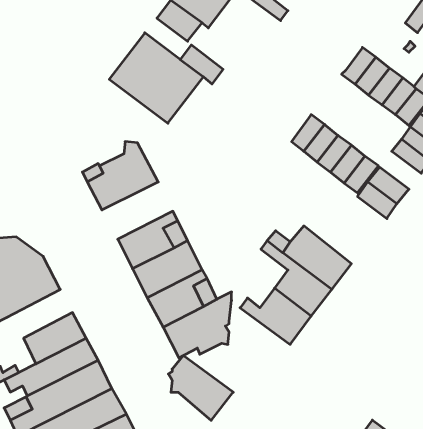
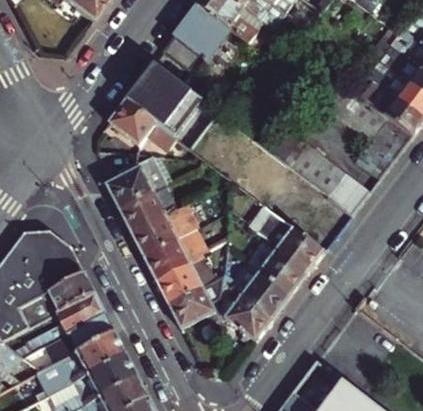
building: none -> [109,101,173,148]
building: none -> [119,185,177,232]
building: none -> [41,273,95,315]
building: [168,356,233,420] -> [220,288,273,341]

